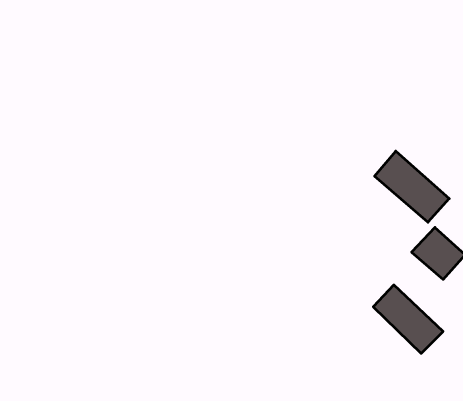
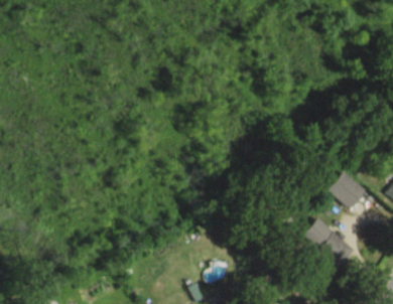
building: [375,151,449,222] -> none

